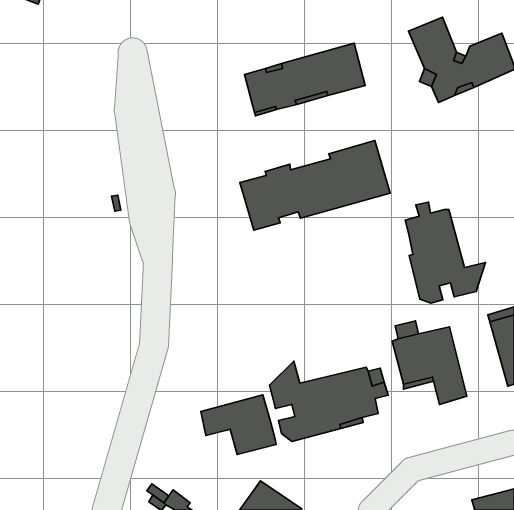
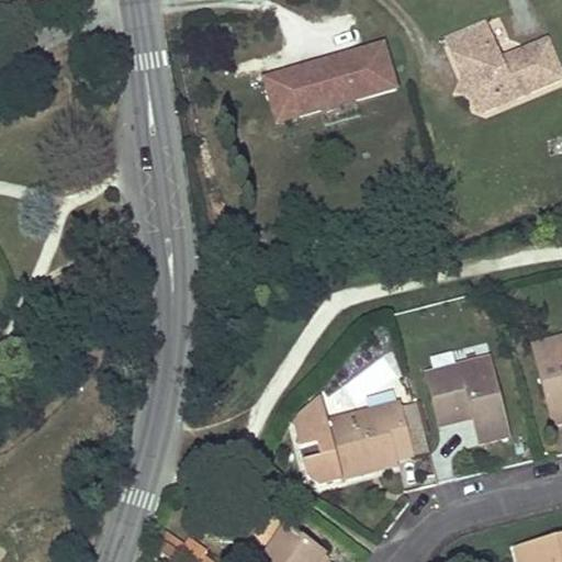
building: [240,141,390,230] -> none
building: [405,202,486,303] -> none
building: [201,395,276,454] -> none

